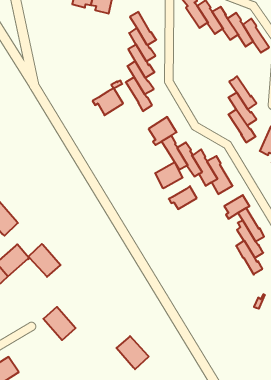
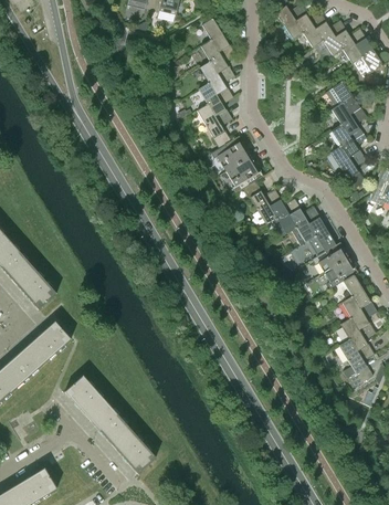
building: none -> [325,81,366,124]
building: [93,88,123,115] -> [210,136,250,171]
building: [155,162,183,188] -> none
building: [169,186,197,209] -> [312,242,348,272]
building: [28,244,61,277] -> [64,376,106,419]
building: none -> [338,339,372,388]
building: [116,336,149,369] -> [113,431,155,474]

